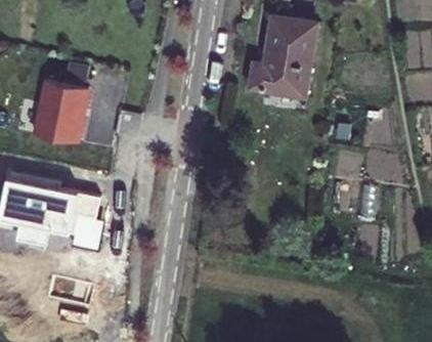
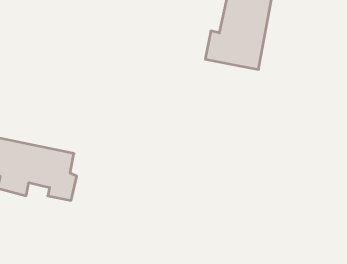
building: [38,77,93,141] -> none

